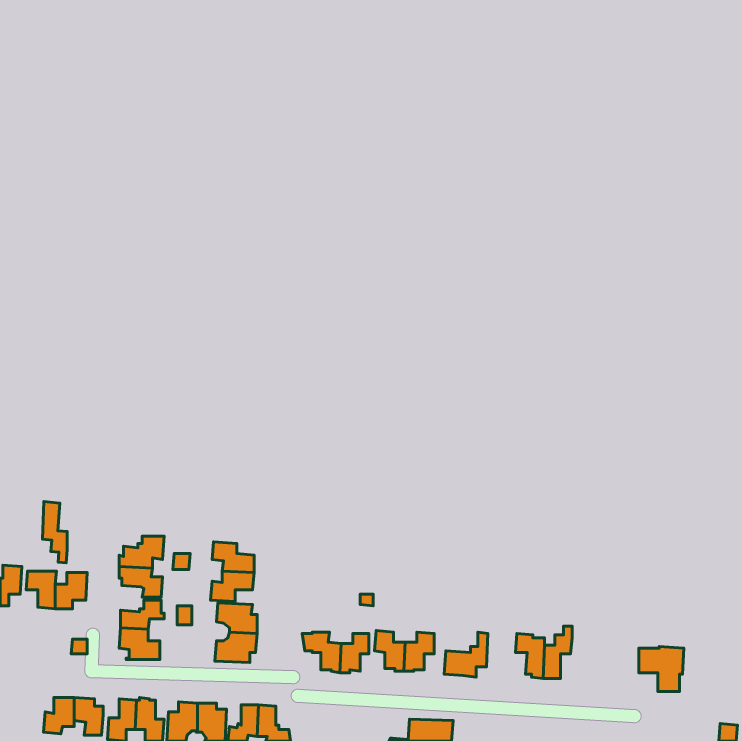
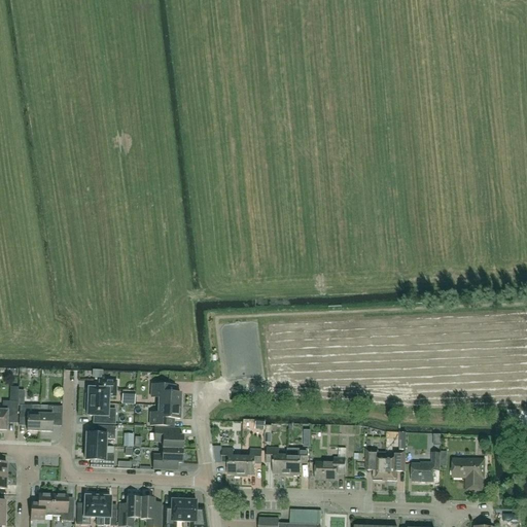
building: [42,502,67,563] -> none
building: none -> [412,453,441,482]

